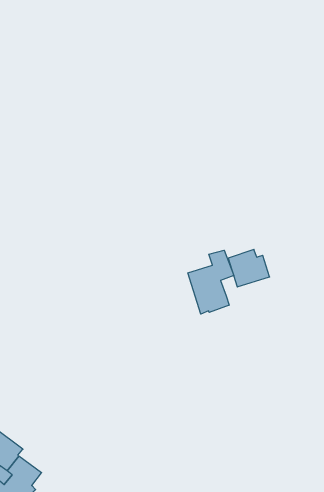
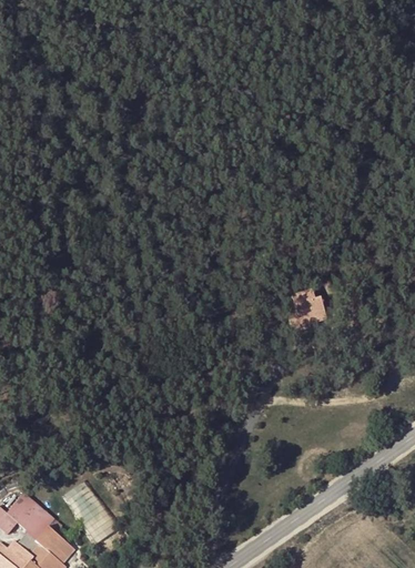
building: [188,250,234,314] -> none

